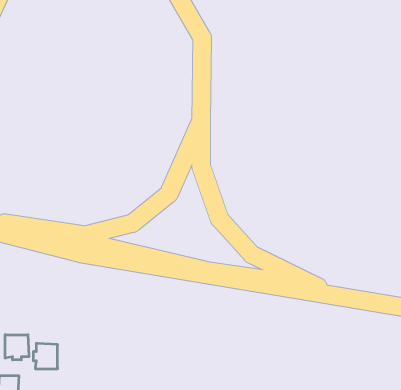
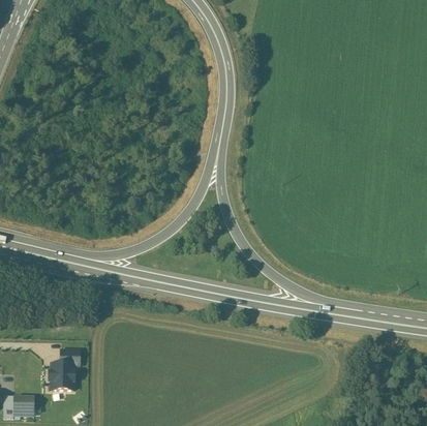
building: [5,335,29,360] -> none

